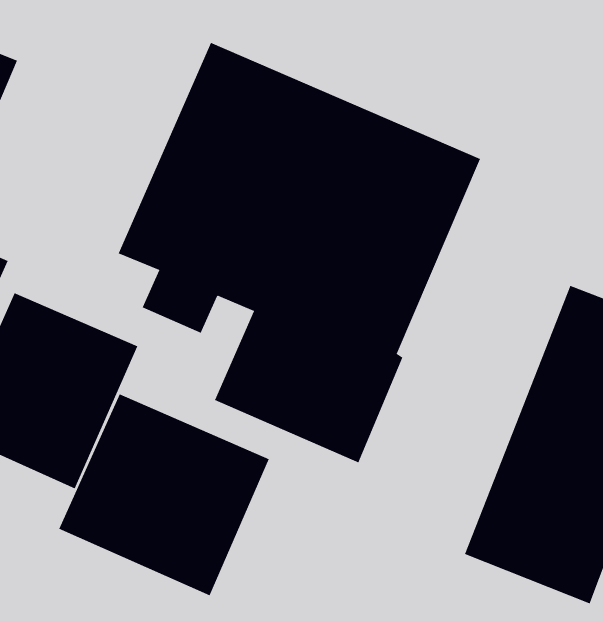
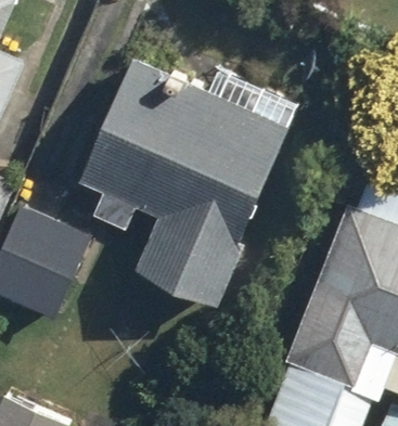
building: [59,393,270,596] -> none

